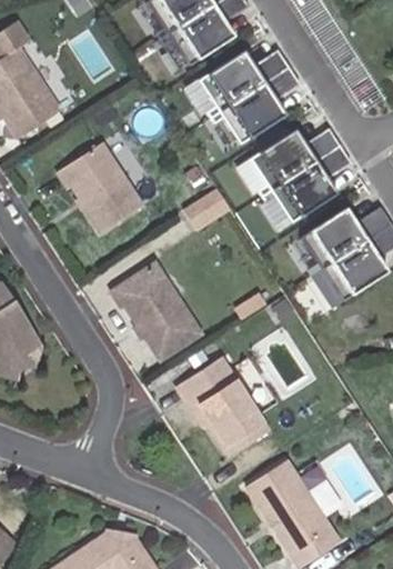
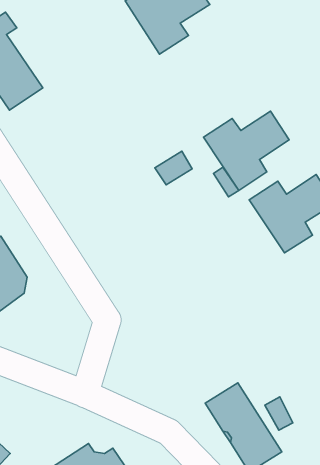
building: [199,52,300,147] -> none
building: [56,139,140,228] -> none
building: [110,258,194,356] -> none
building: [175,355,266,451] -> none

